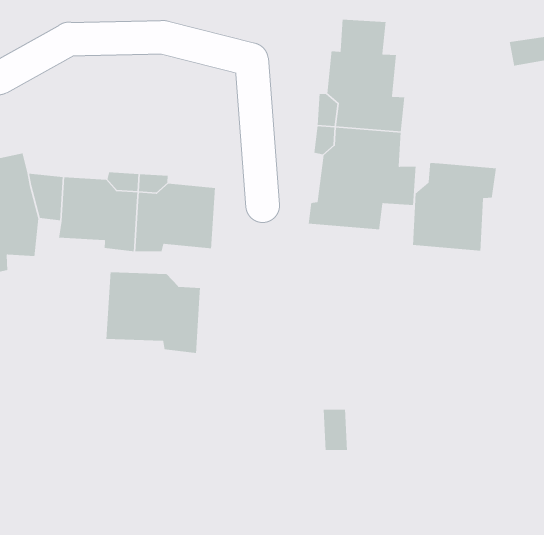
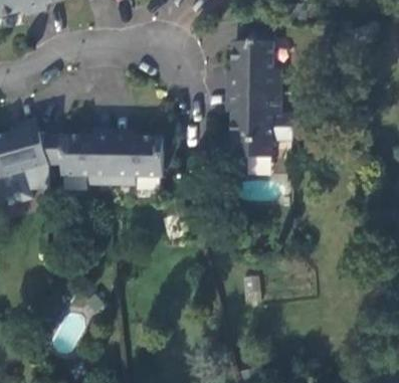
building: [412,162,497,251] -> none
building: [106,272,201,354] -> none

